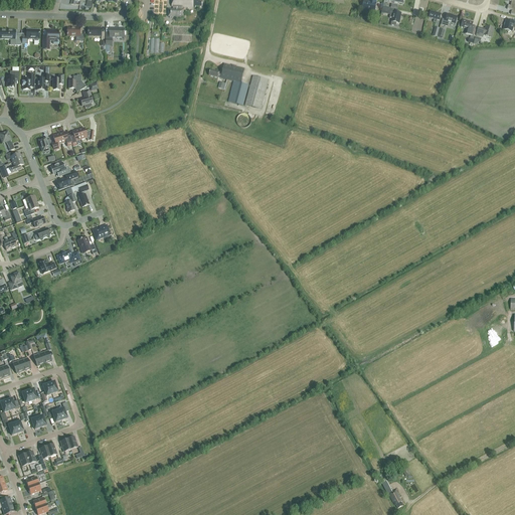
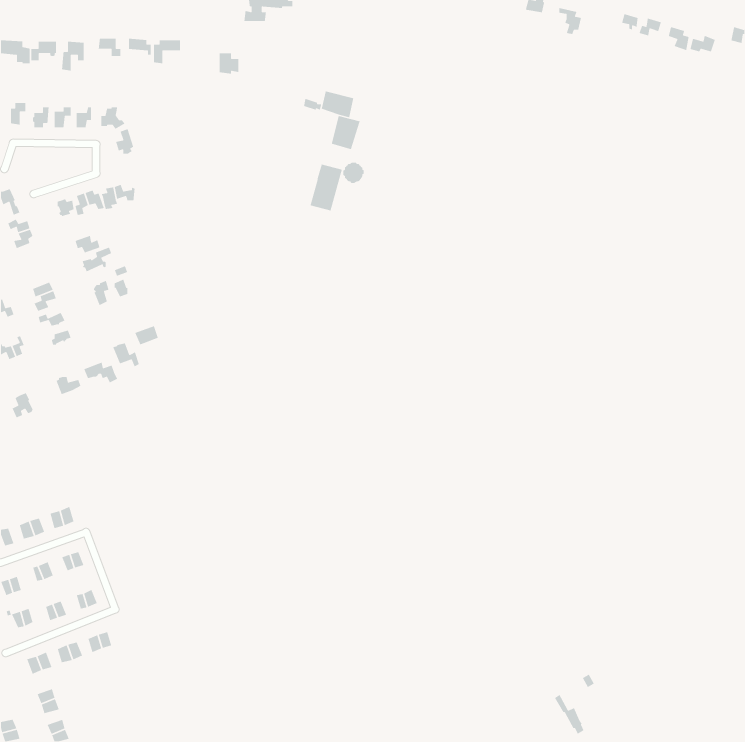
building: [245,74,269,108] -> [309,163,343,212]

